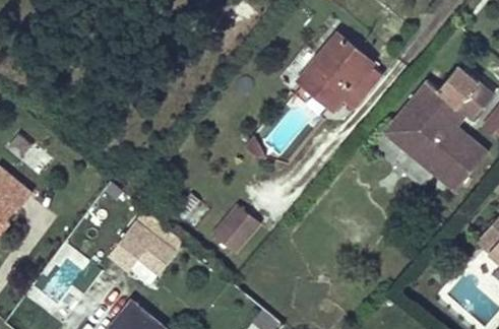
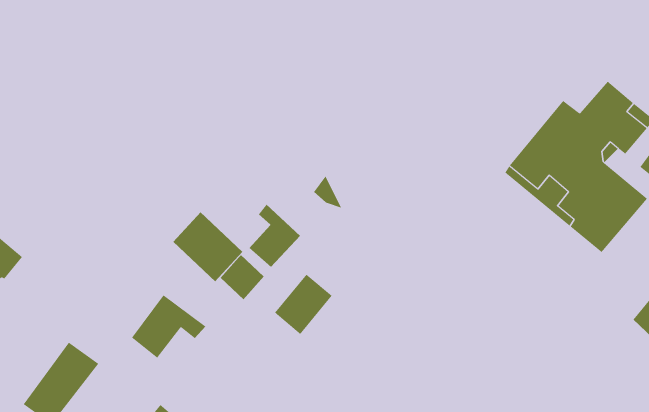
building: [298,35,381,110] -> none
building: none -> [249,204,301,268]
building: none -> [172,212,243,282]

